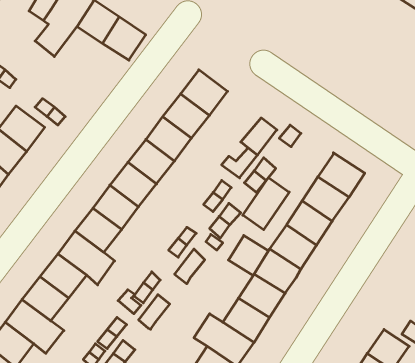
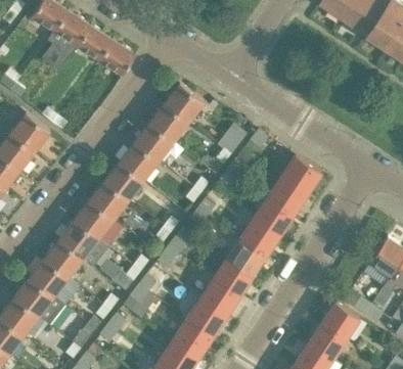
building: [243,178,289,230] -> none
building: [228,235,269,275] -> none

